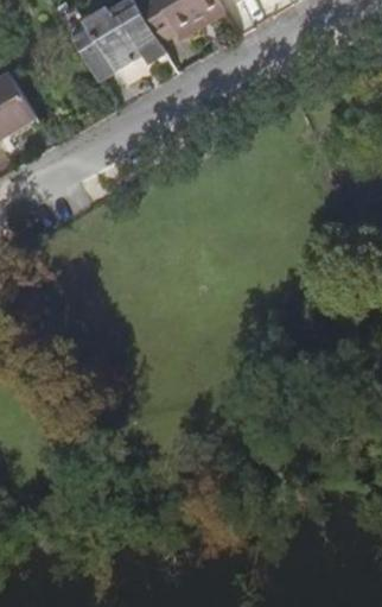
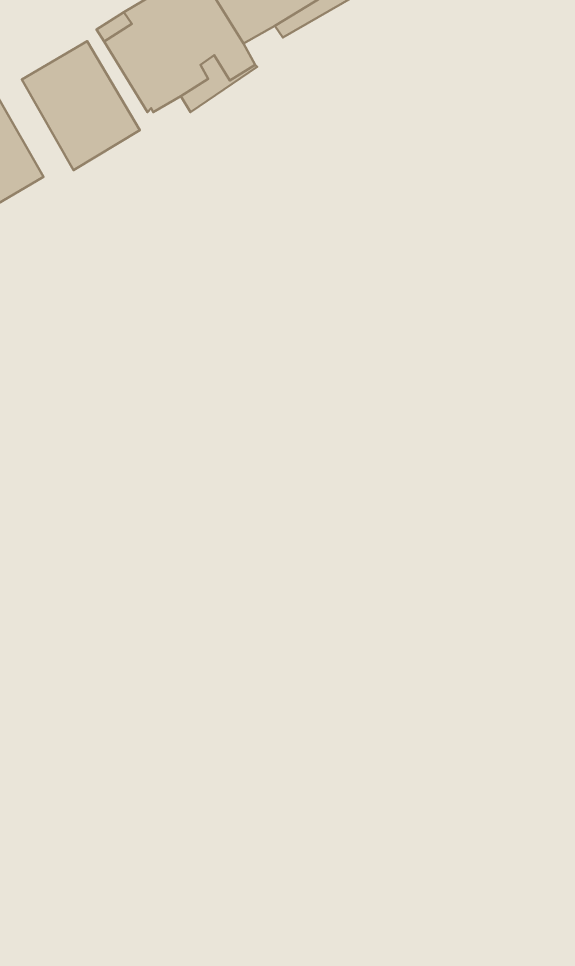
building: none -> [22,41,140,170]

